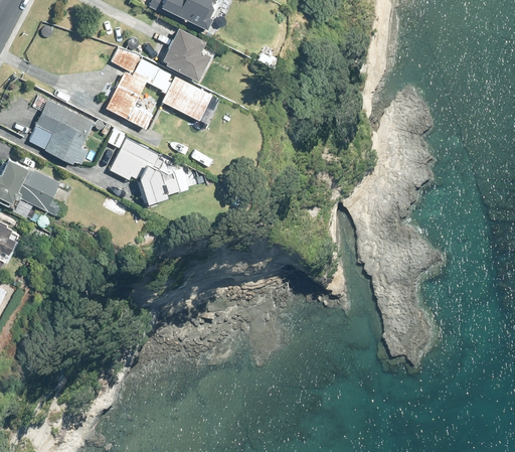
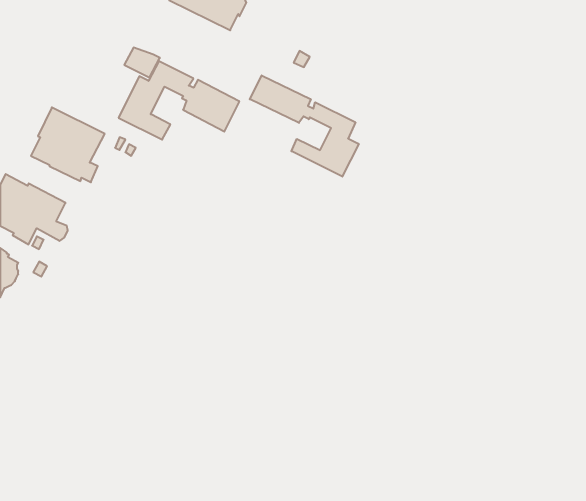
building: [161,26,210,80] -> none
building: none -> [250,75,359,177]
building: [109,137,181,203] -> none

